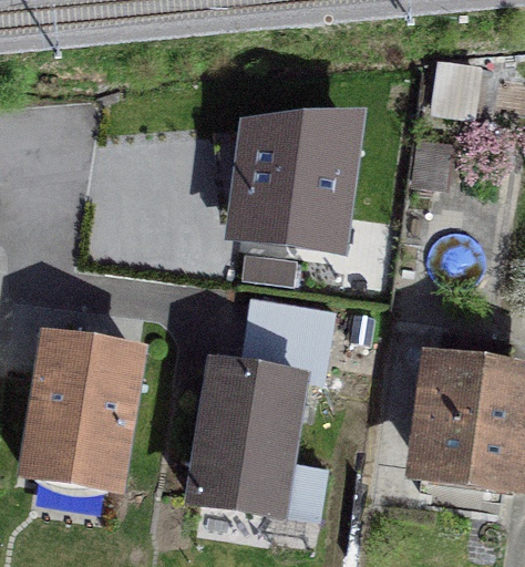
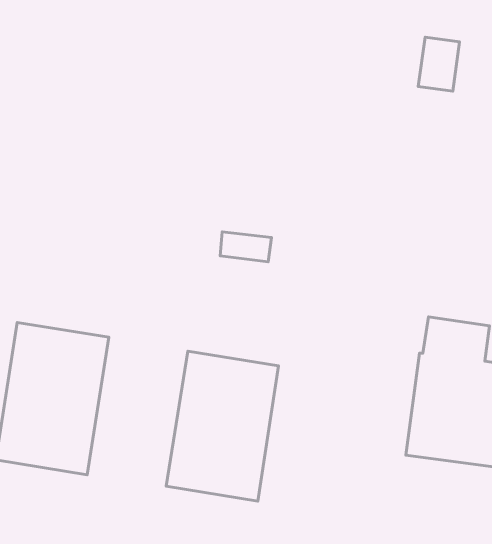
building: [215,125,348,249] -> none
building: [243,303,332,370] -> none

